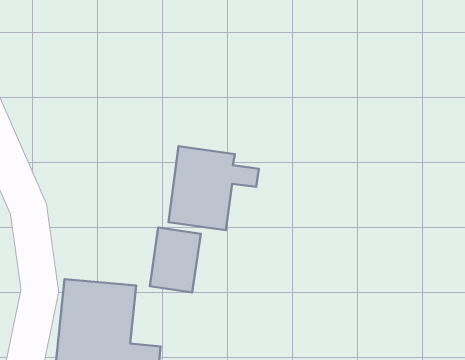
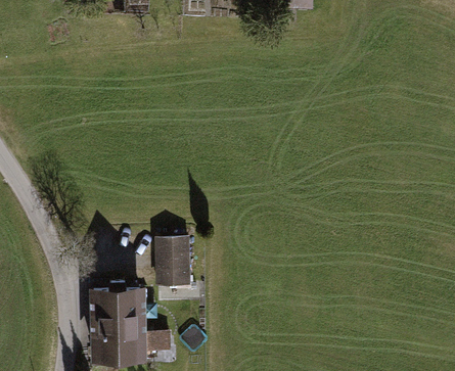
building: [168,146,259,230] -> none

